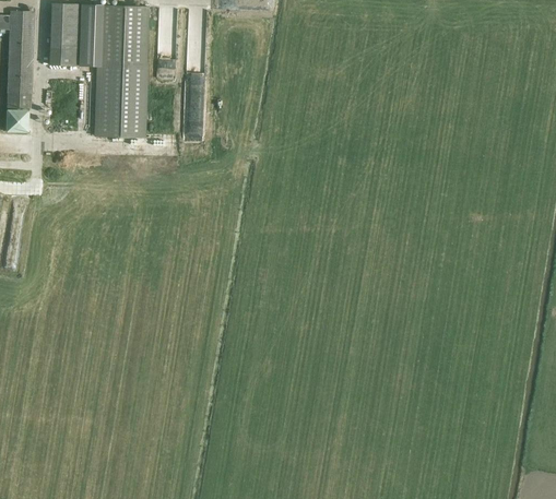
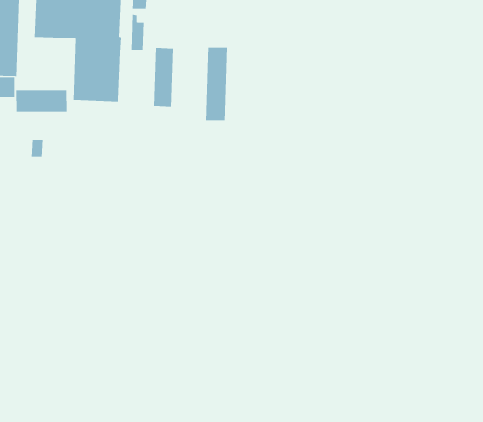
building: none -> [205,47,228,121]
building: none -> [16,89,67,112]

